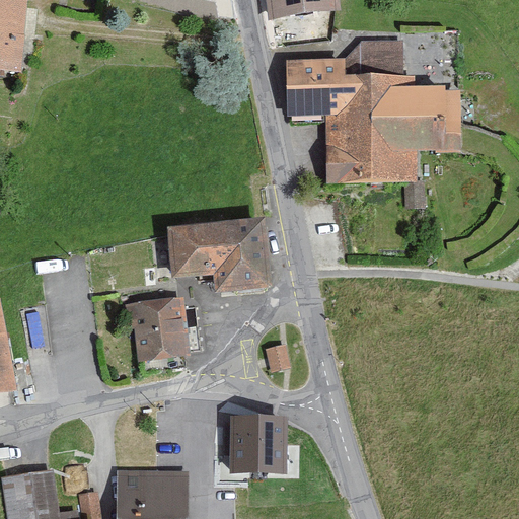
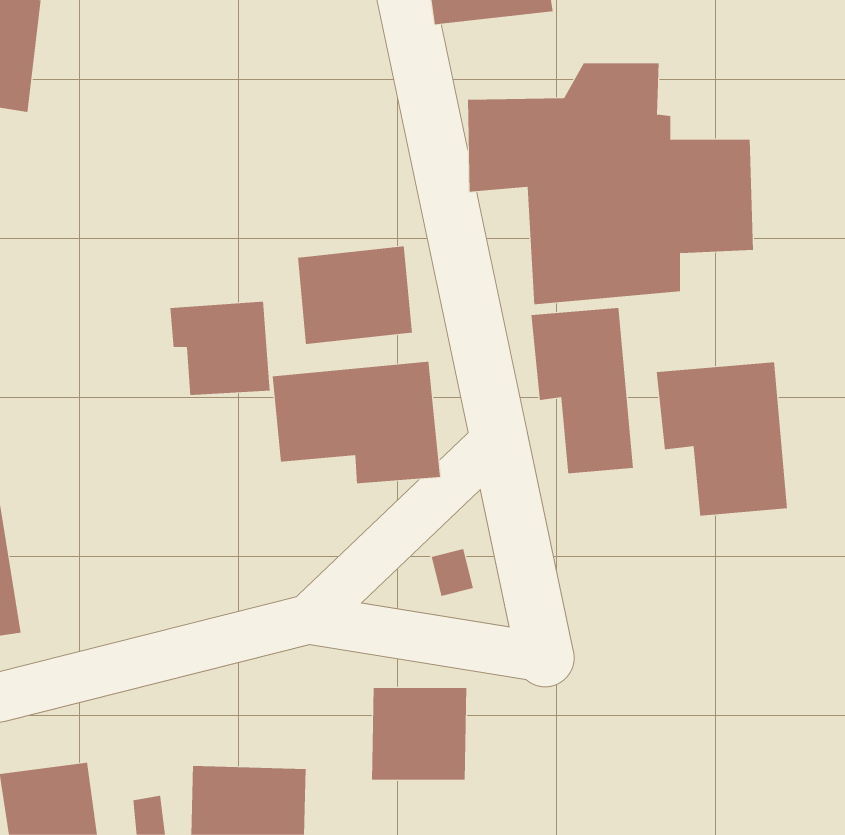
building: none -> [297,245,412,345]
building: none -> [531,307,633,474]
building: none -> [656,361,788,517]
building: [126,298,188,356] -> [170,301,271,396]

